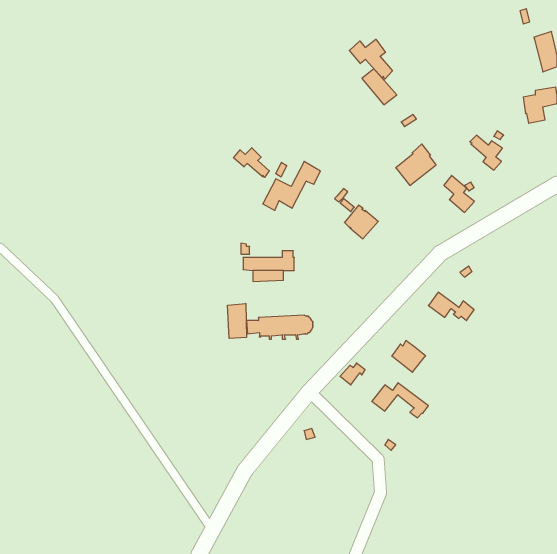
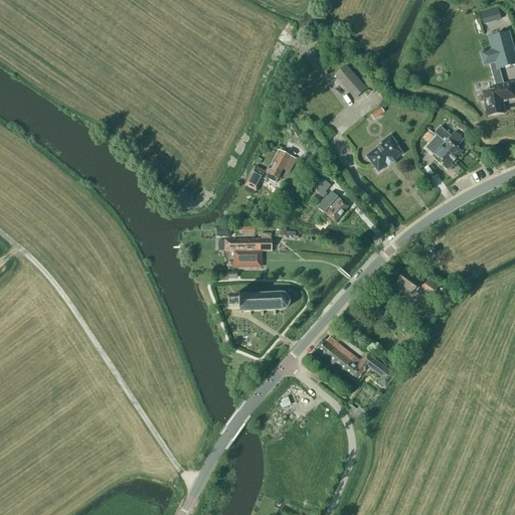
building: [349,39,392,79] -> none
building: [234,148,269,177] -> none
building: [444,175,474,212] -> [427,133,456,167]
building: [228,303,246,338] -> none
building: [392,341,426,372] -> [324,341,355,370]

